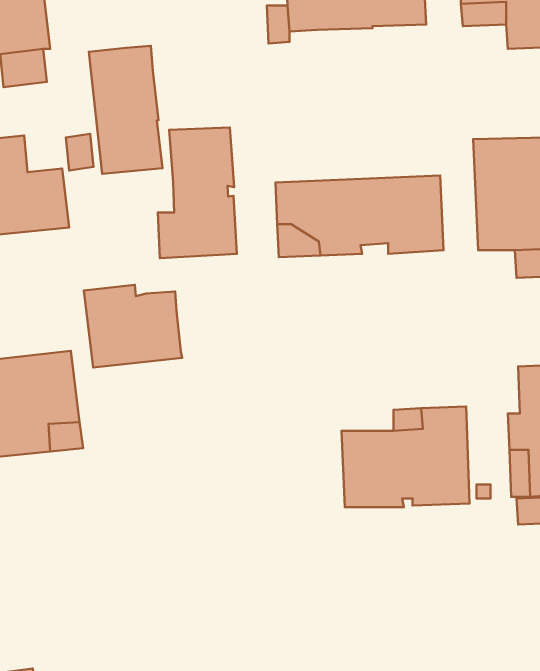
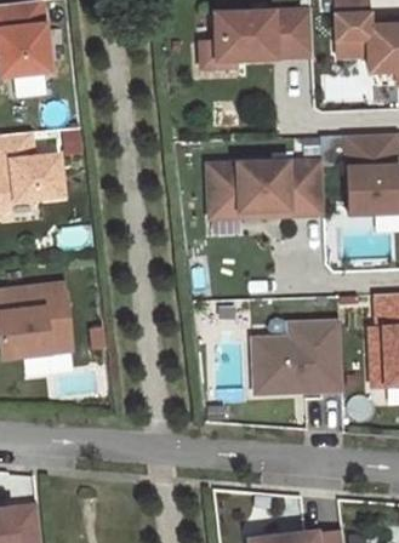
building: [89,46,162,174] -> none
building: [158,127,237,258] -> none
building: [84,285,182,368] -> none

